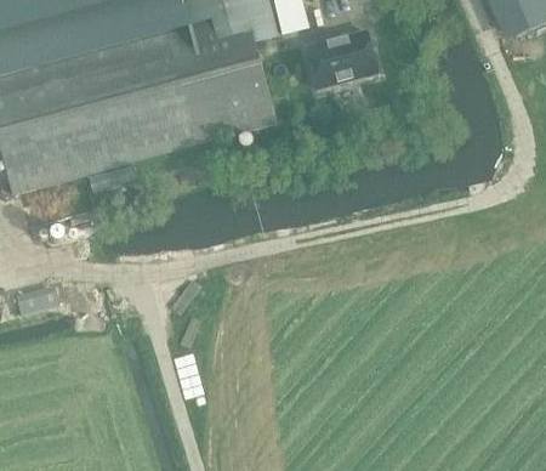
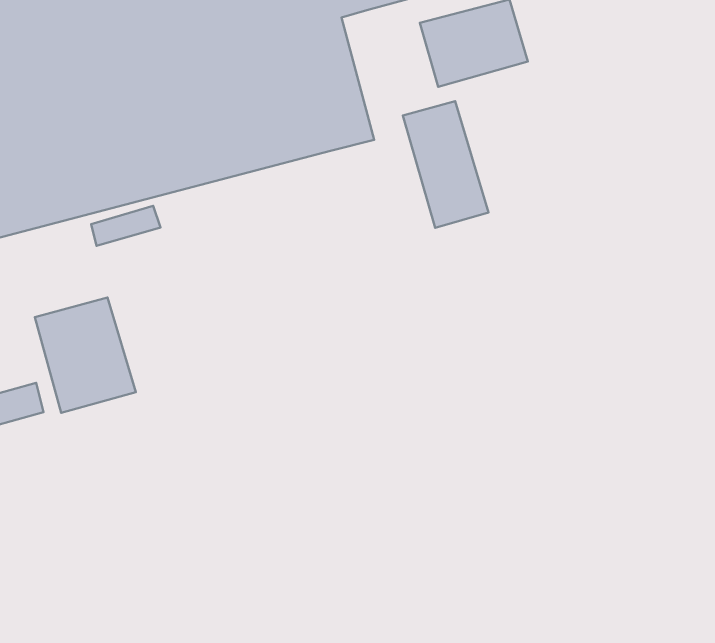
building: none -> [403,101,488,228]
building: none -> [35,298,136,413]

